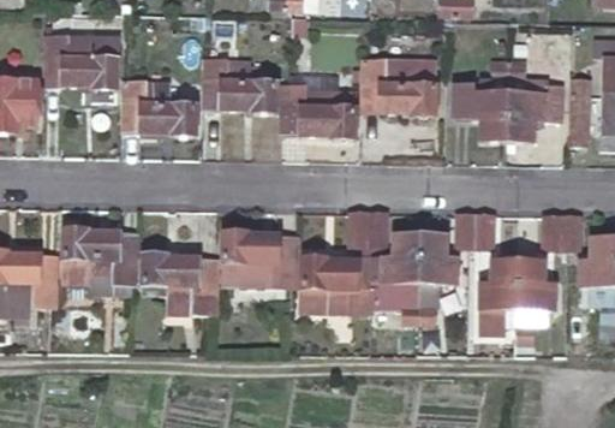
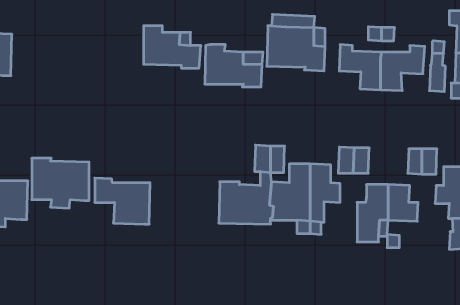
building: [44,34,119,89] -> none
building: [124,81,198,135] -> none
building: [221,232,294,287] -> none

